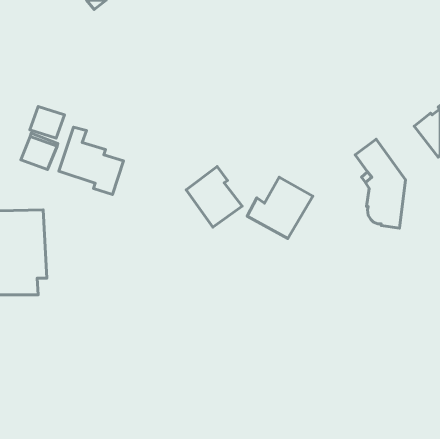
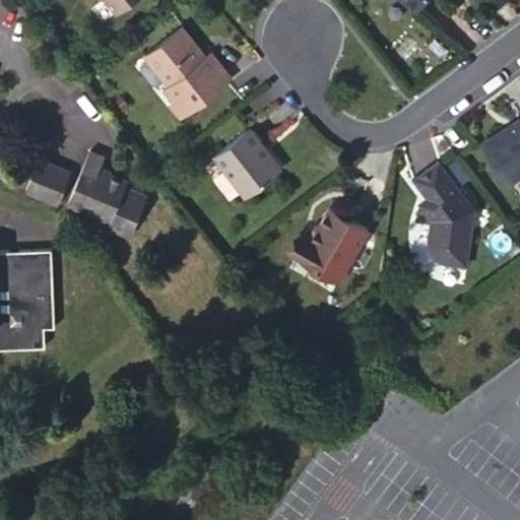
building: none -> [141,31,224,122]
building: [30,107,64,138] -> none
building: [186,167,242,227] -> [213,127,279,198]

